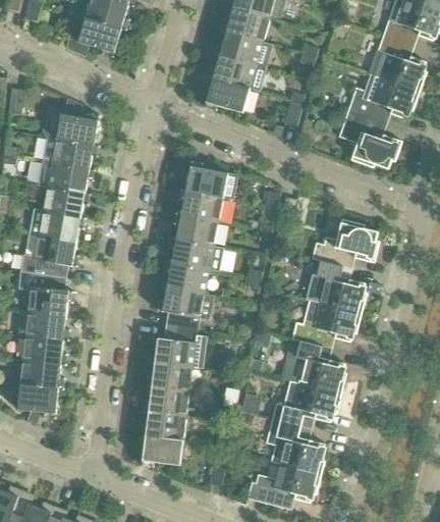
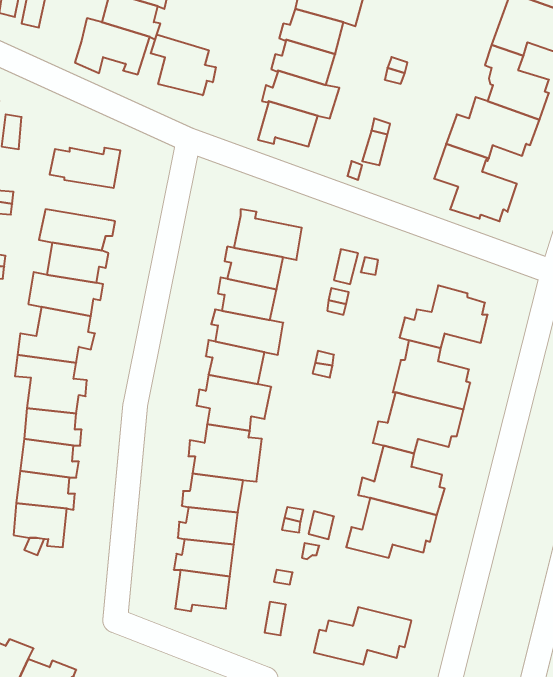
building: none -> [151,34,216,95]
building: [42,136,99,168] -> none
building: [265,418,326,474] -> none

